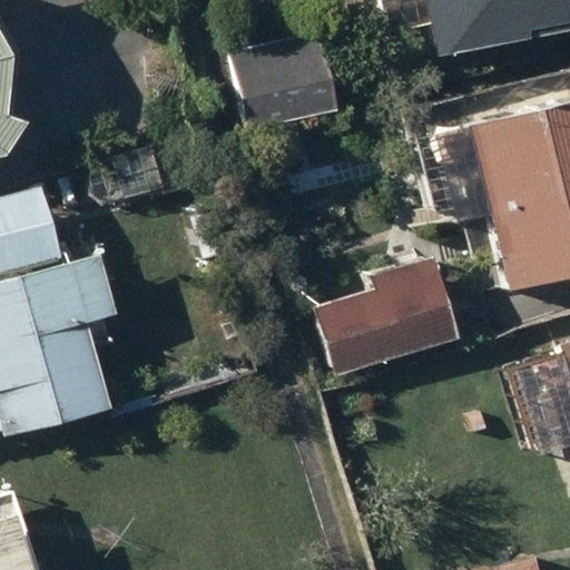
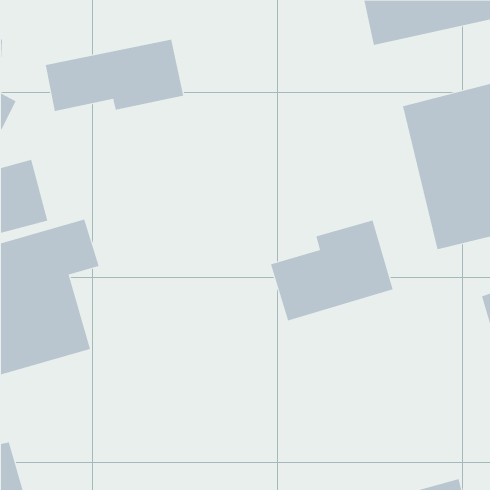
building: [232,35,331,128] -> none
building: none -> [45,39,184,112]

